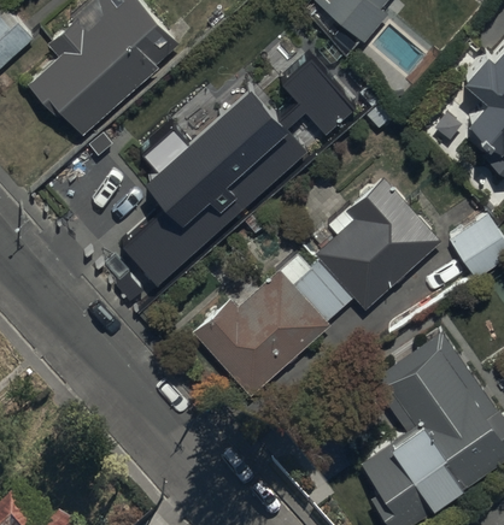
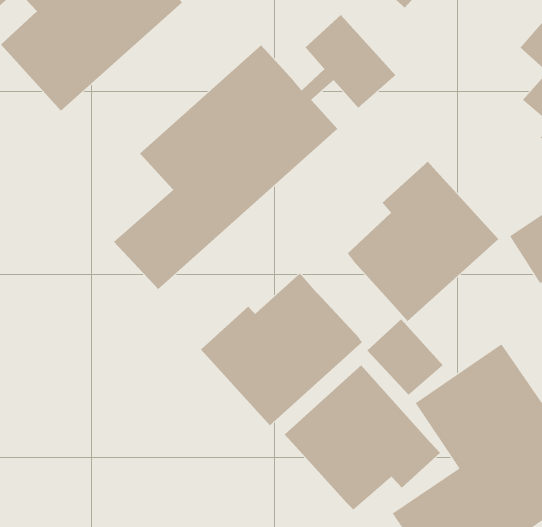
building: [292,260,356,324] -> [366,319,443,395]
building: none -> [284,365,441,510]

